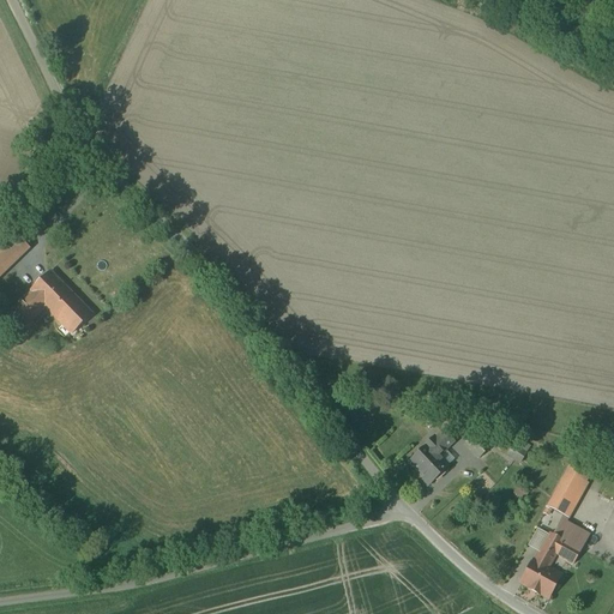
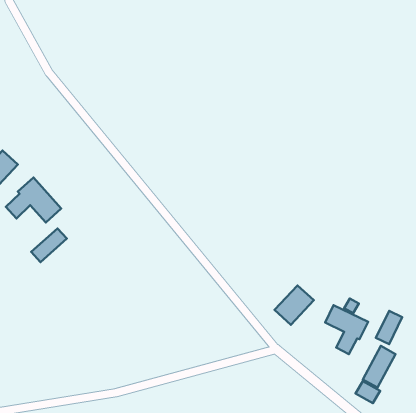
building: none -> [31,228,67,262]
building: none -> [325,305,368,354]

